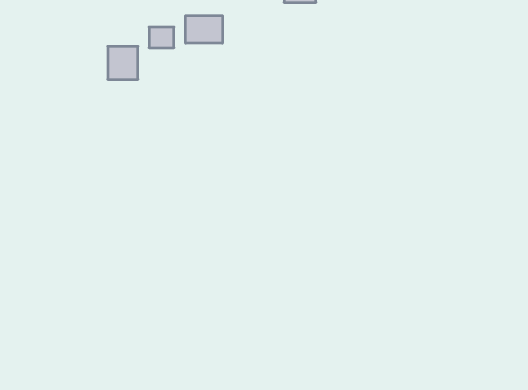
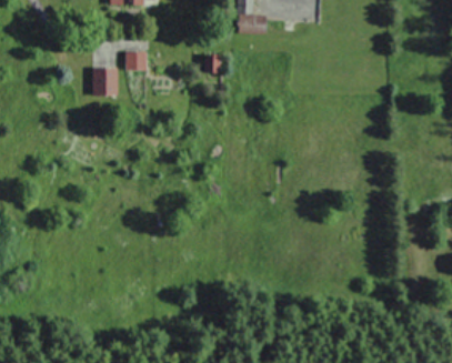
building: [186,16,222,43] -> none

